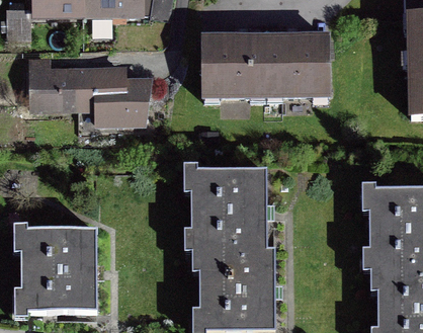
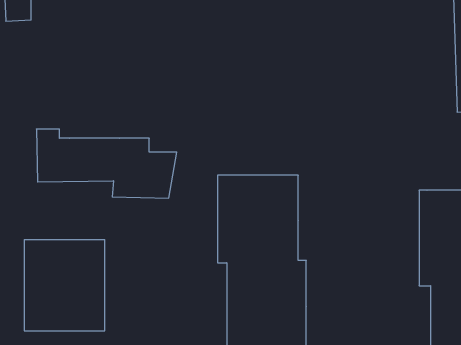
building: [201,38,331,99] -> none
building: [28,63,152,123] -> [36,129,177,198]

